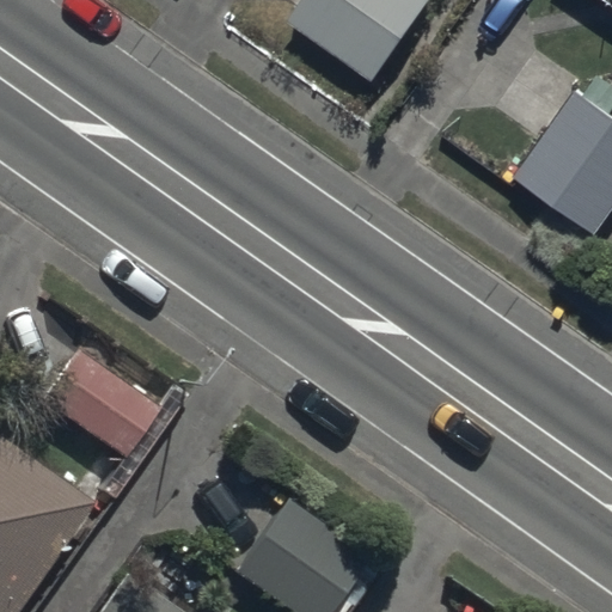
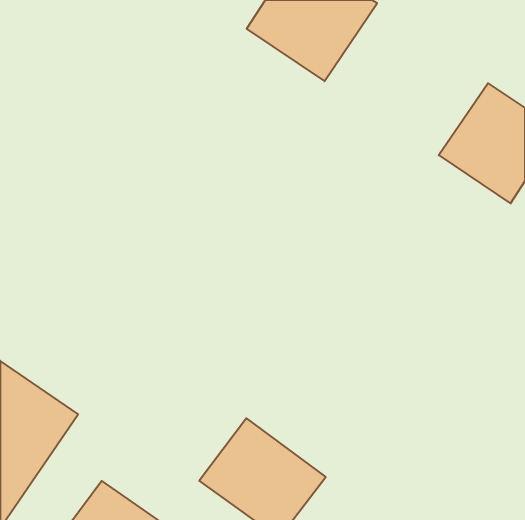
building: [31,332,163,455] -> none

